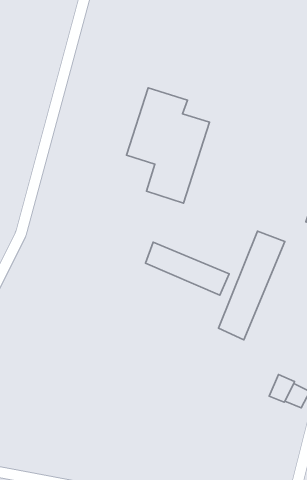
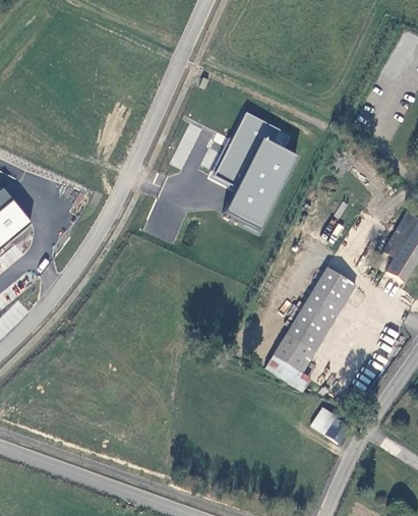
building: [146,242,229,295] -> none

